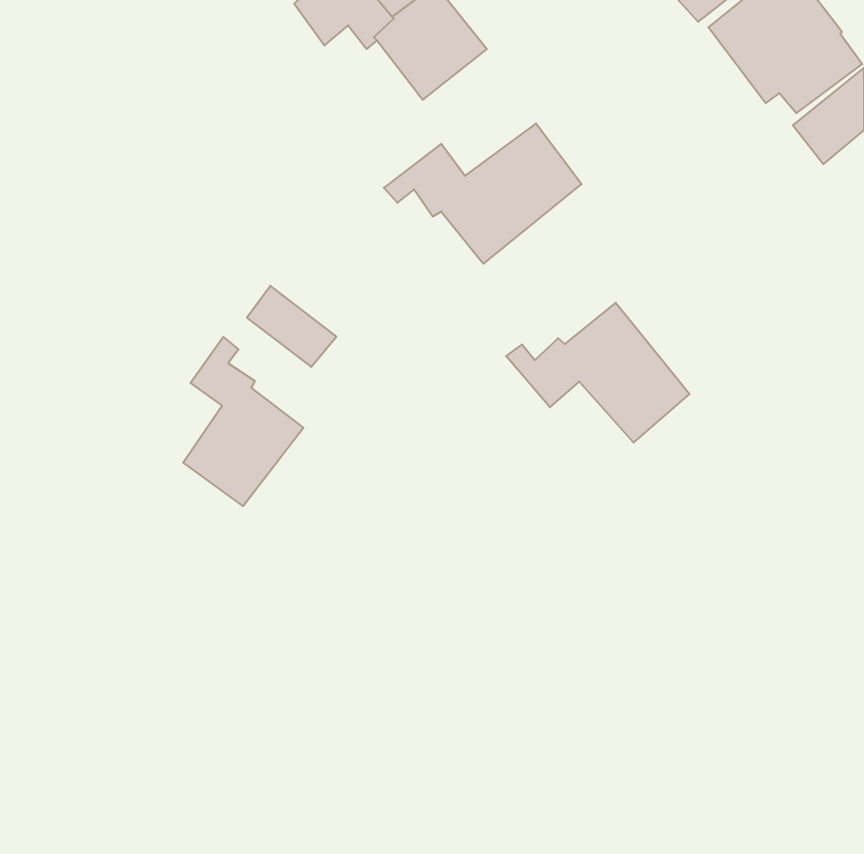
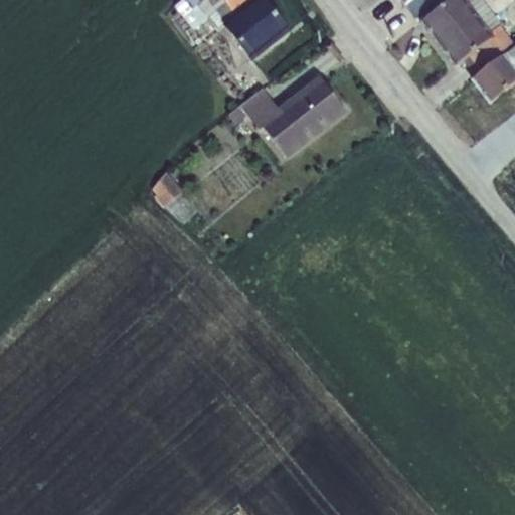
building: [506,303,690,443] -> none
building: [183,337,303,506] -> none

